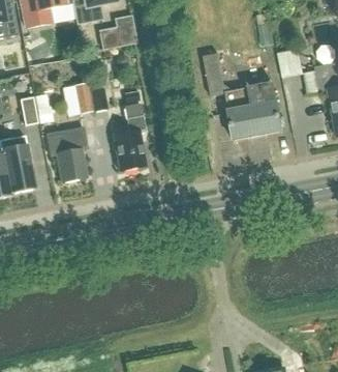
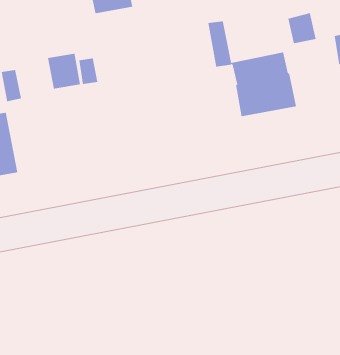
building: [113,103,145,171] -> none
building: [45,126,87,181] -> none

